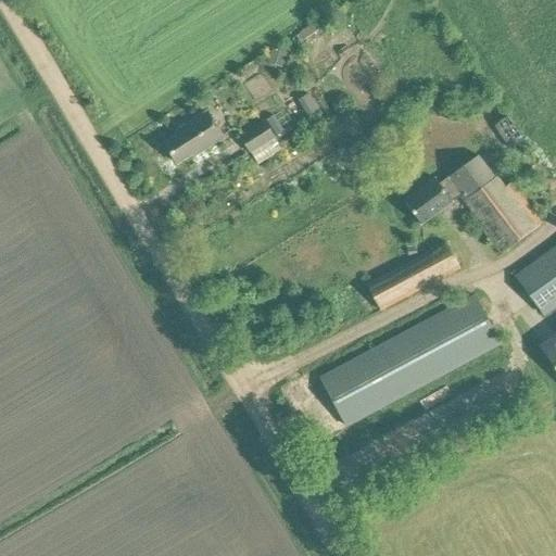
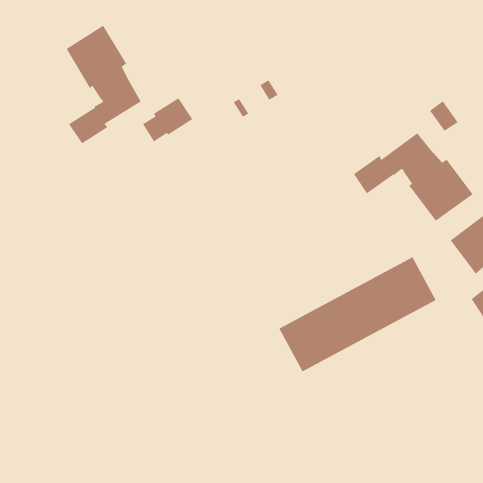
building: none -> [66,25,142,144]
building: [241,119,277,151] -> none
building: [369,242,459,305] -> none

